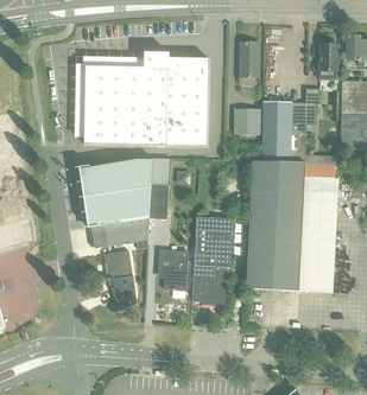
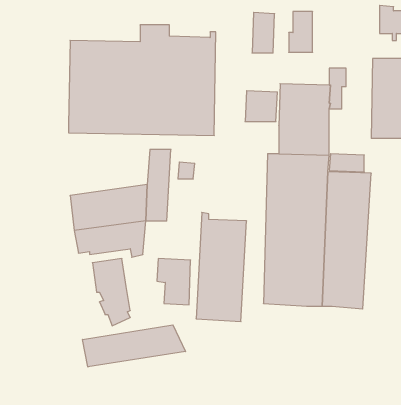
building: [316,44,336,78] -> [289,12,313,52]
building: [80,157,152,197] -> none
building: none -> [83,325,185,367]

